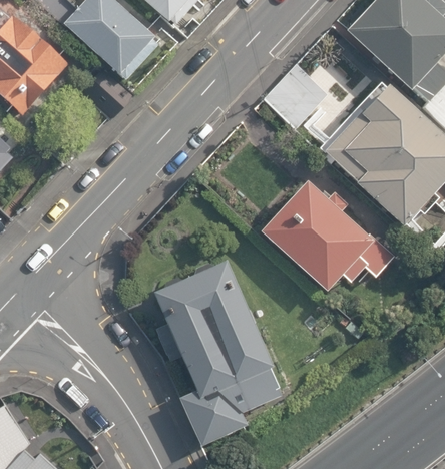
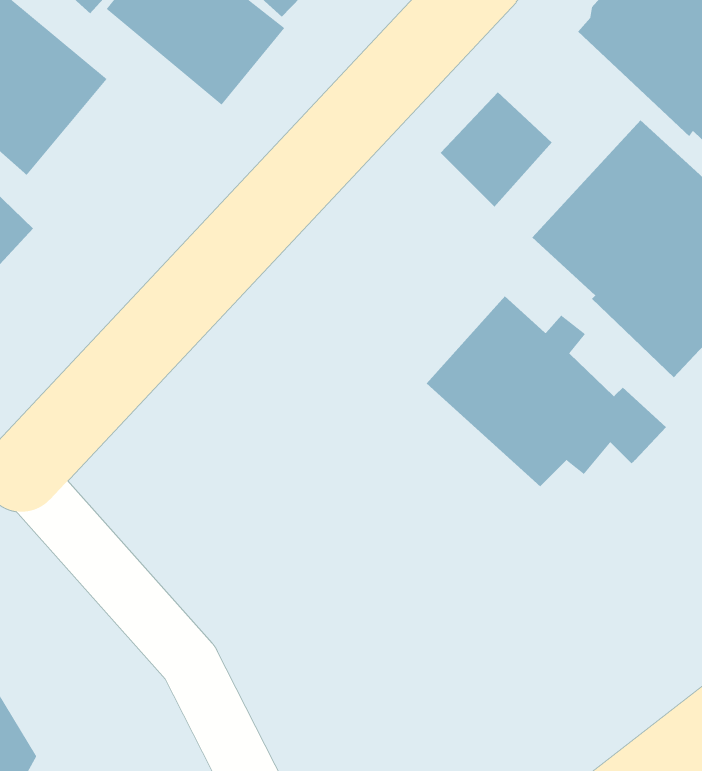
building: [150,261,279,447] -> none

